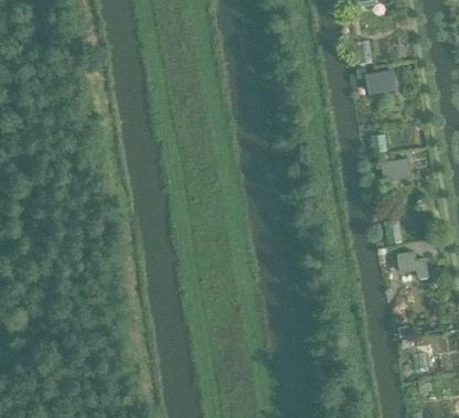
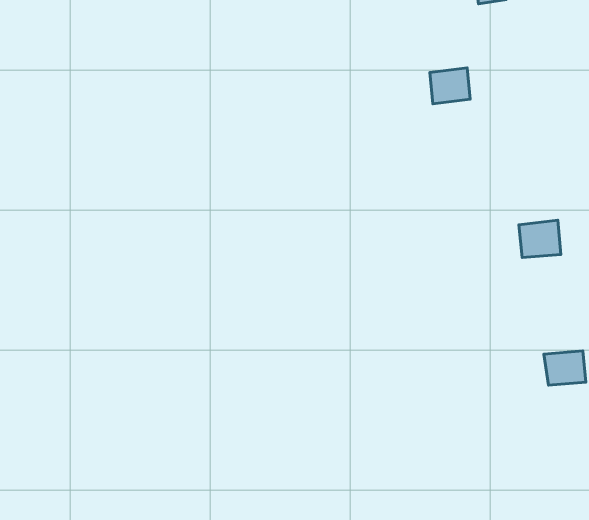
building: [369,71,397,96] -> [430,68,470,104]

